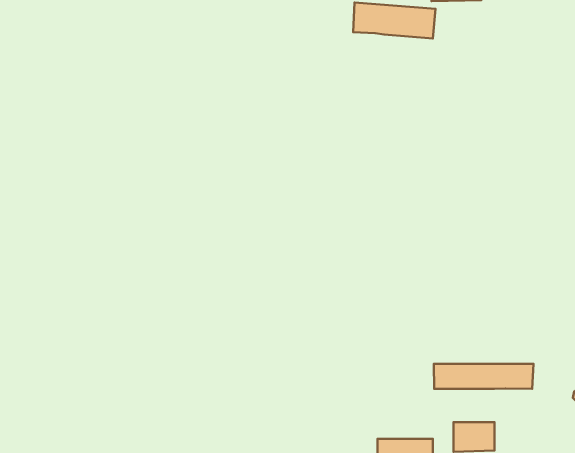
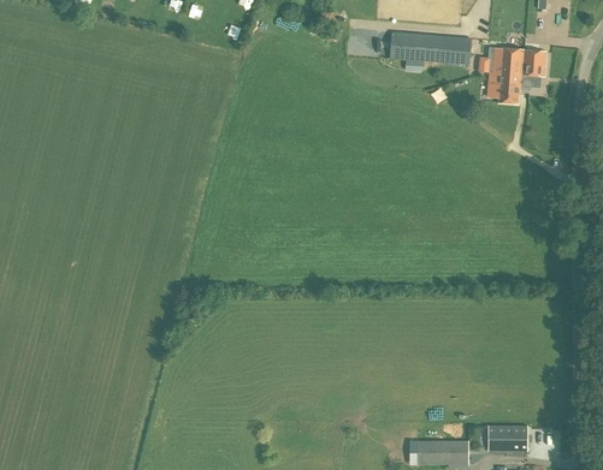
building: none -> [477,47,543,103]
building: [434,364,534,389] -> none

